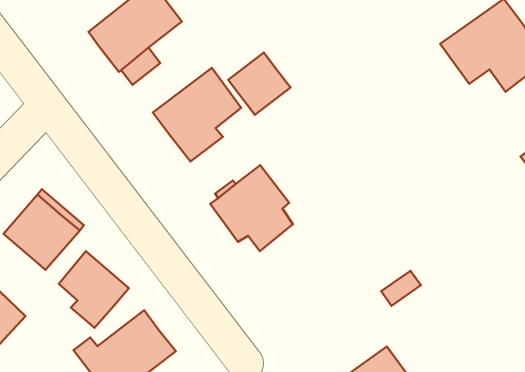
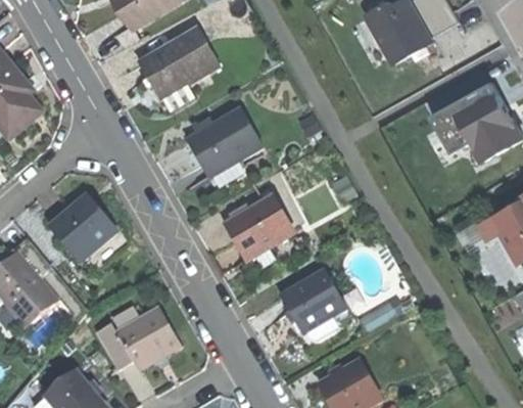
building: [228,53,291,115] -> none
building: none -> [281,270,345,341]
building: [59,251,129,328] -> none

